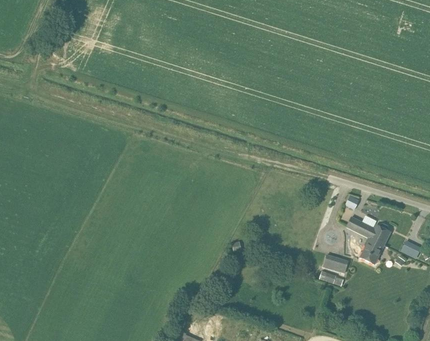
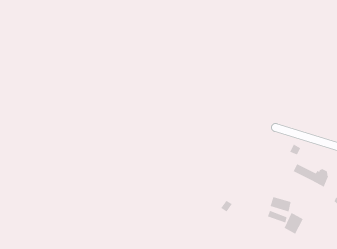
building: [360,238,384,265] -> [284,212,304,235]

